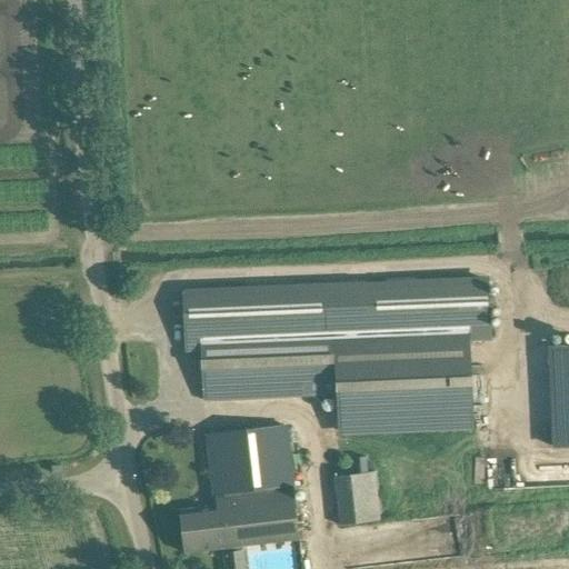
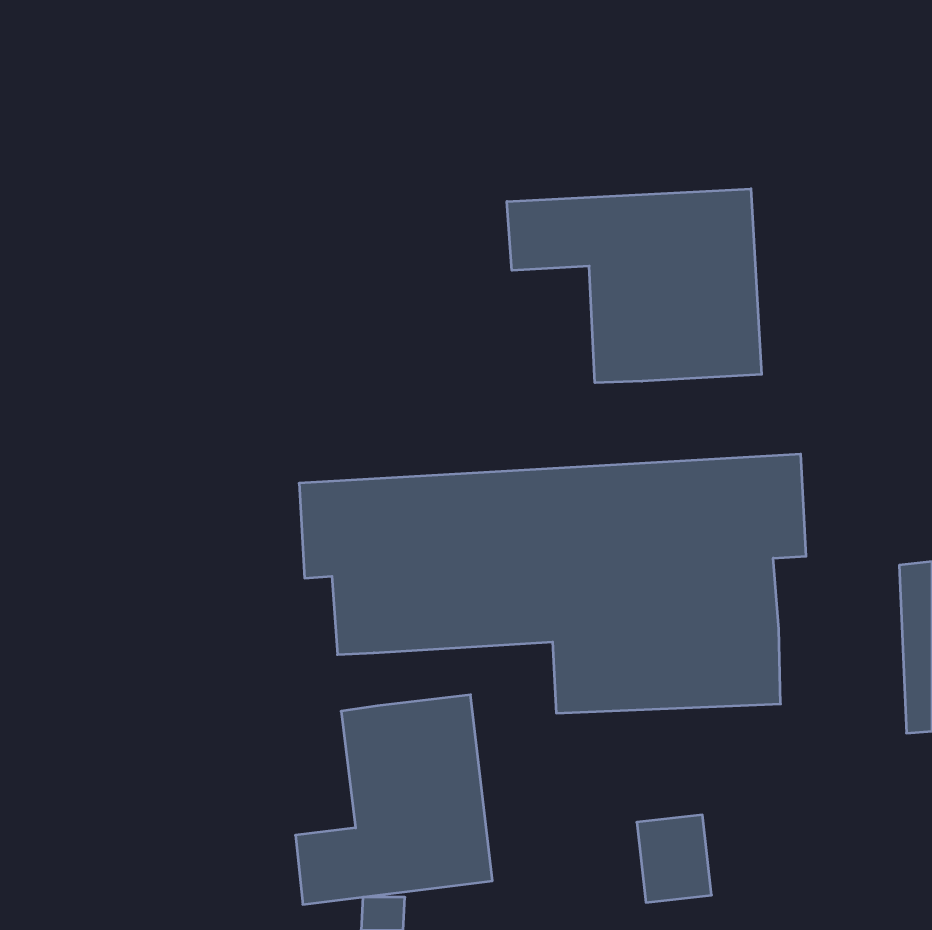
building: none -> [507,189,762,383]
building: [335,471,380,525] -> [637,815,712,902]

